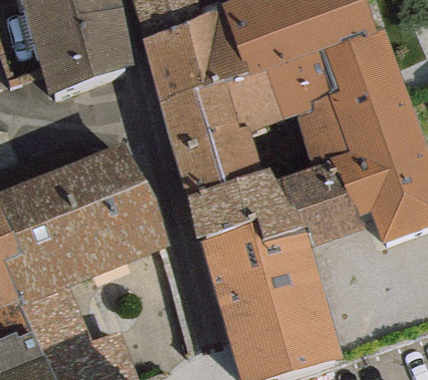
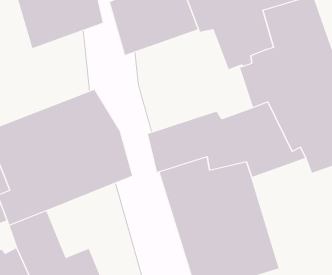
building: [159,71,282,196] -> none

